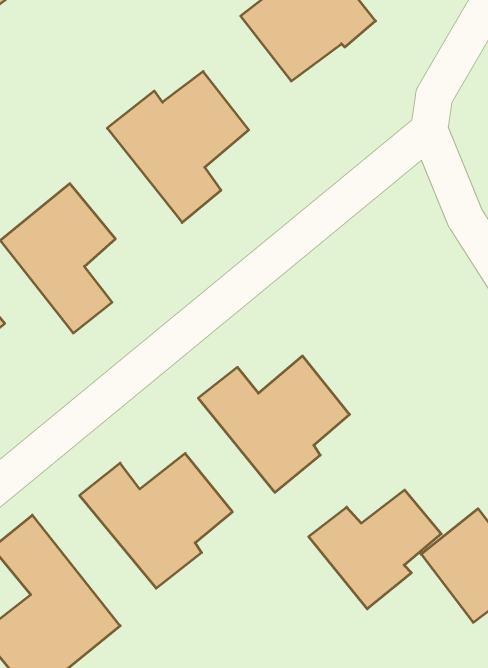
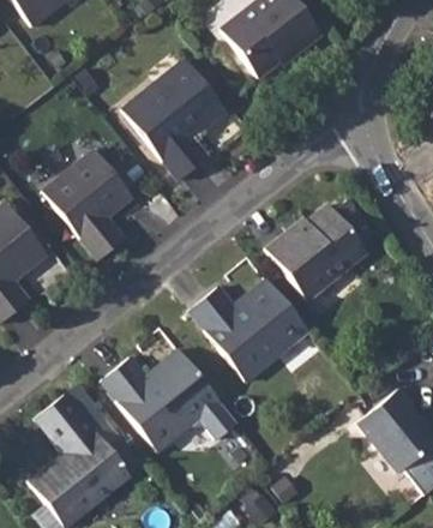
building: none -> [265,198,374,298]
building: [309,490,441,609] -> none
building: none -> [187,392,237,438]

